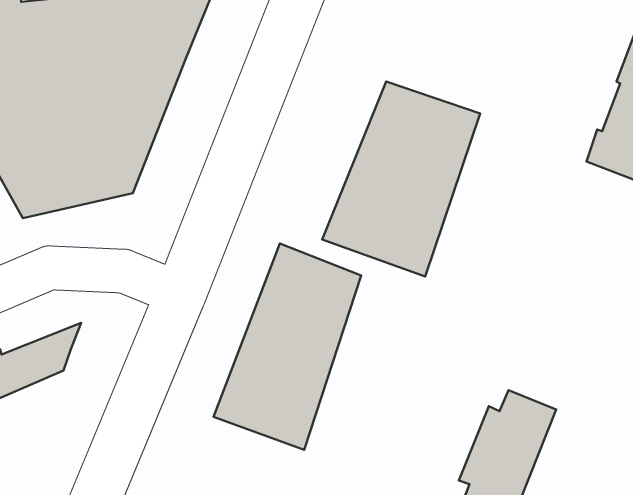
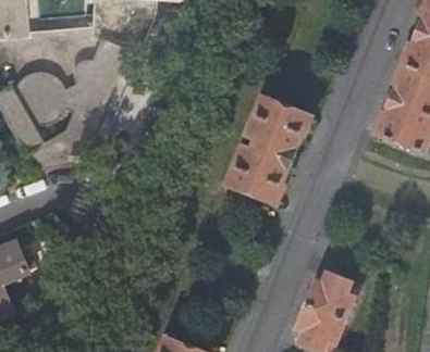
building: [214,244,361,450] -> none

